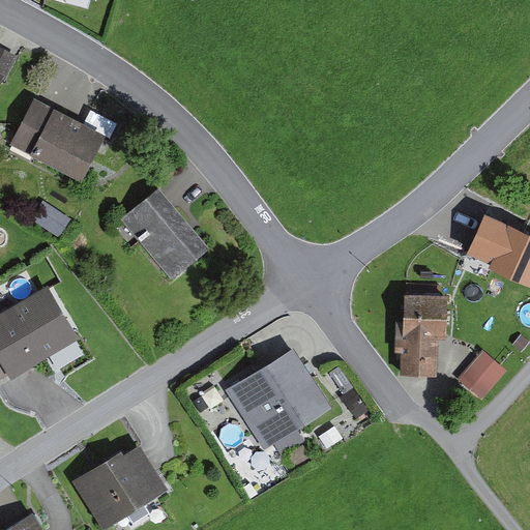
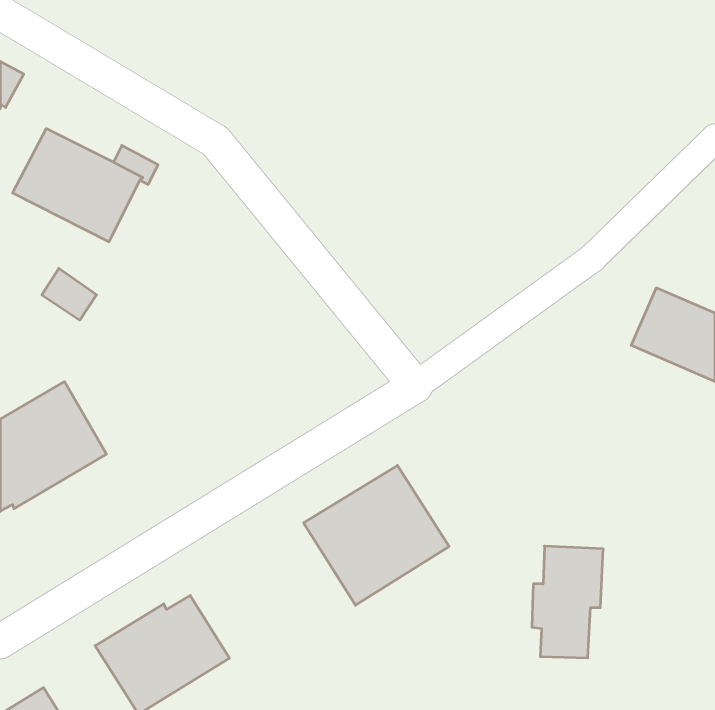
building: [120,187,210,281] -> none
building: [394,293,447,376] -> [532,546,603,658]
building: [460,350,507,398] -> none

